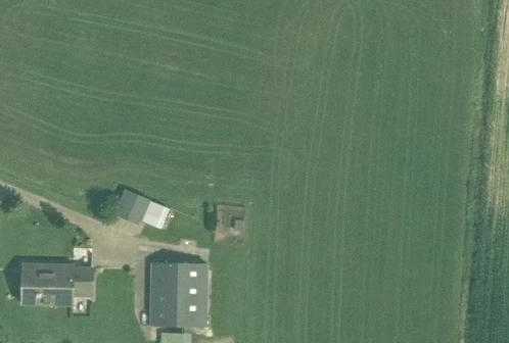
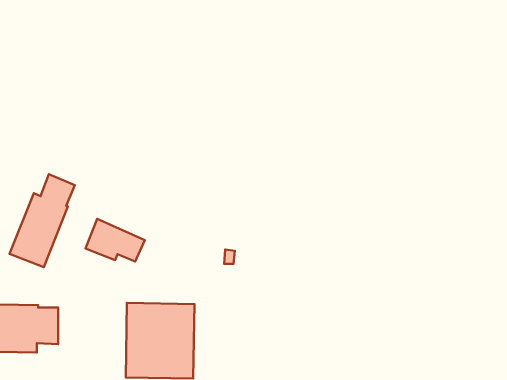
building: none -> [10,174,75,267]

